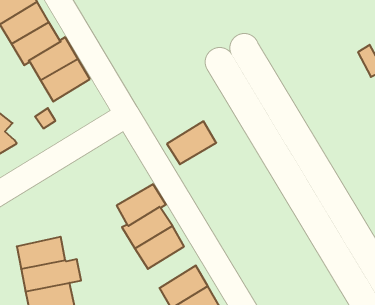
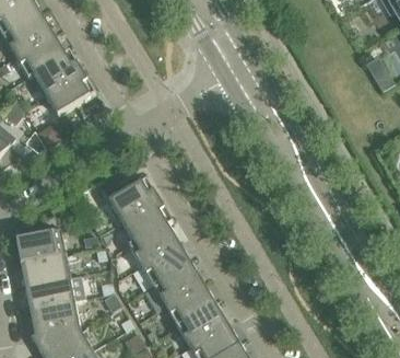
building: [167,121,216,164] -> [109,178,160,222]
building: none -> [16,215,66,264]
building: none -> [154,264,203,307]

